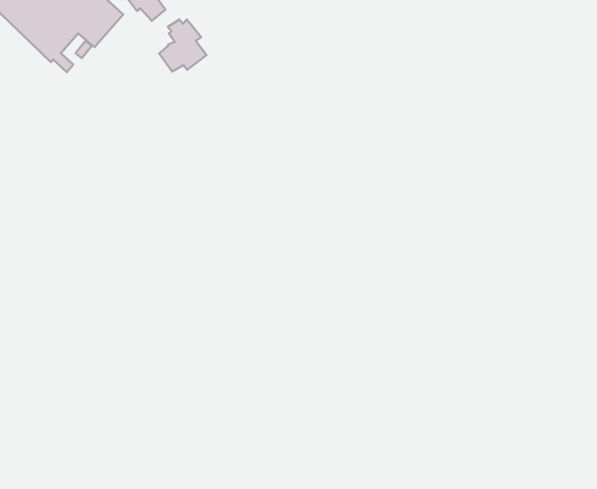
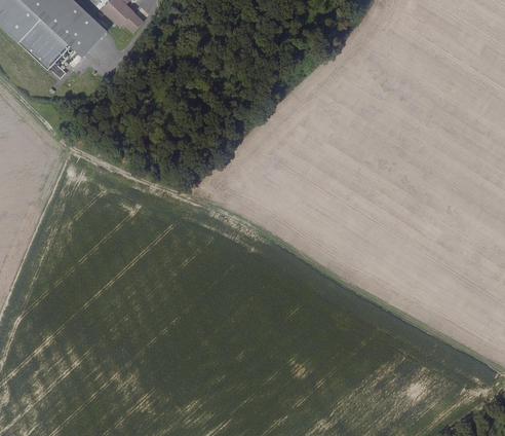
building: [159,19,207,72] -> none

